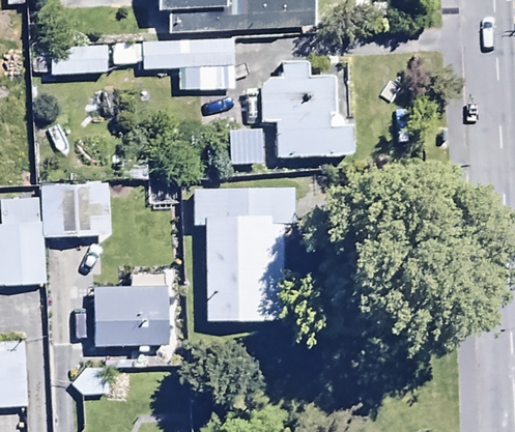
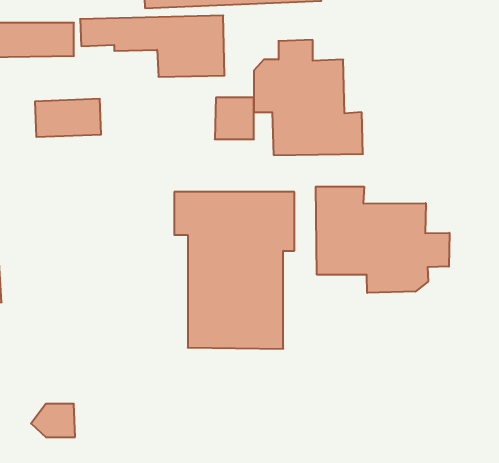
building: none -> [316,187,449,293]
building: [53,204,109,236] -> [35,99,101,137]
building: [92,266,171,326] -> none

